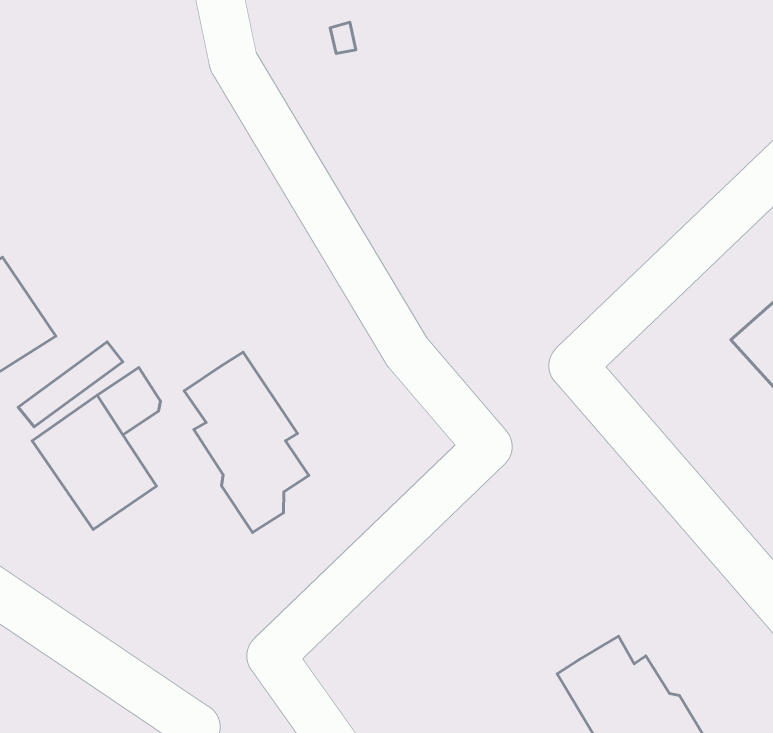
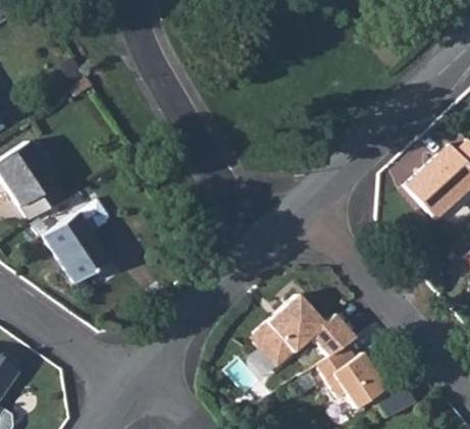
building: [184,352,309,532] -> none
building: none -> [254,291,354,363]

